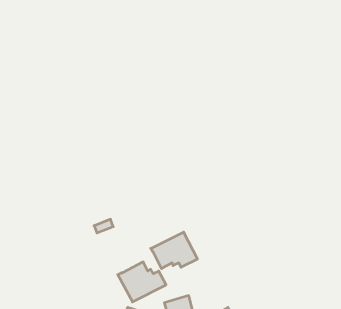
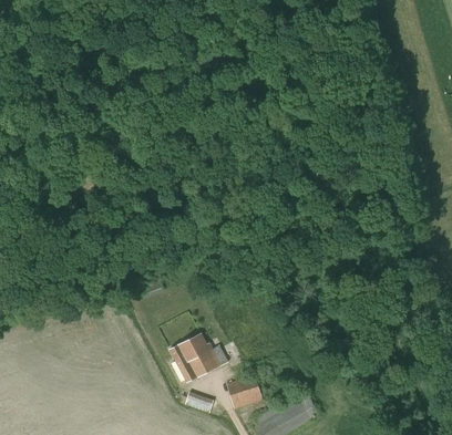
building: [151,232,197,269] -> none

